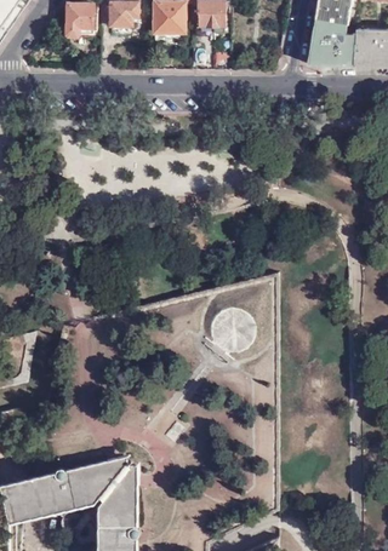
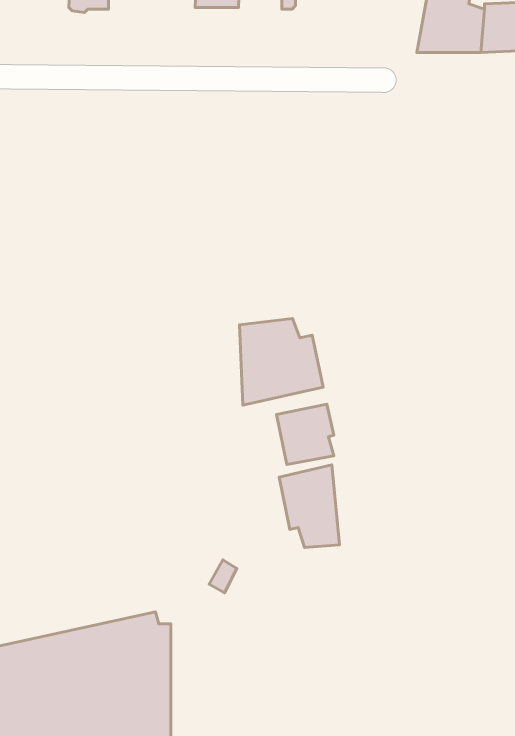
building: none -> [239,318,323,405]
building: none -> [279,465,340,547]

